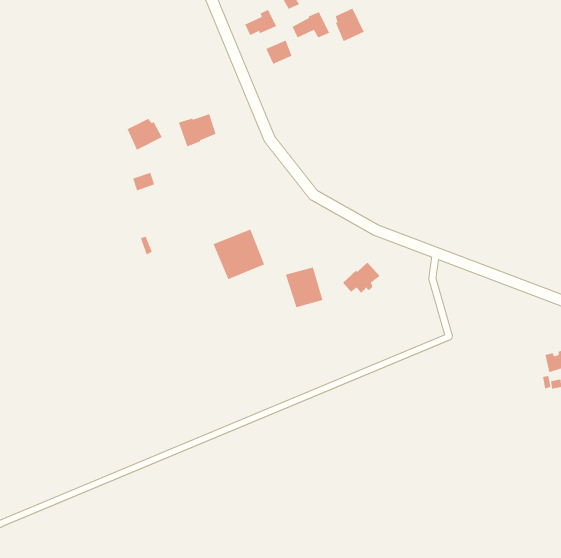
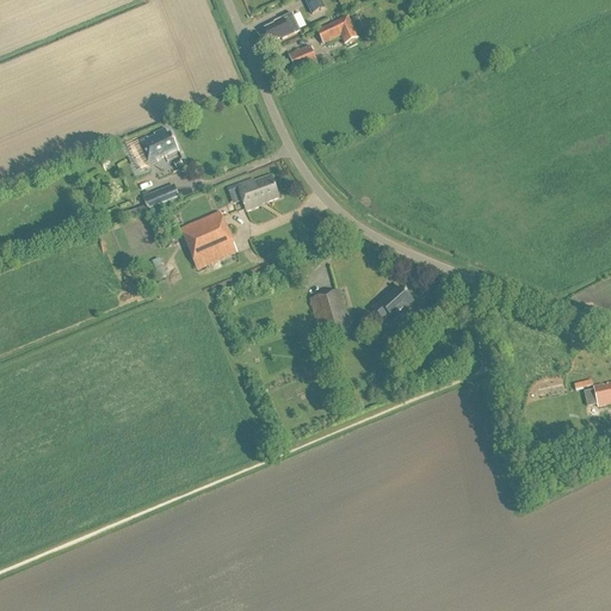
building: [335,8,365,42] -> none
building: [178,113,216,147] -> [239,173,280,210]
building: [212,229,265,280] -> [179,210,236,266]

